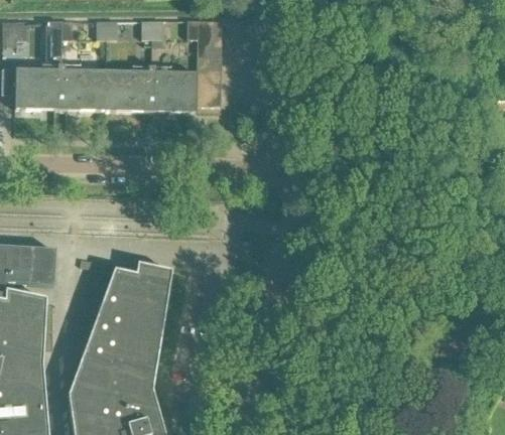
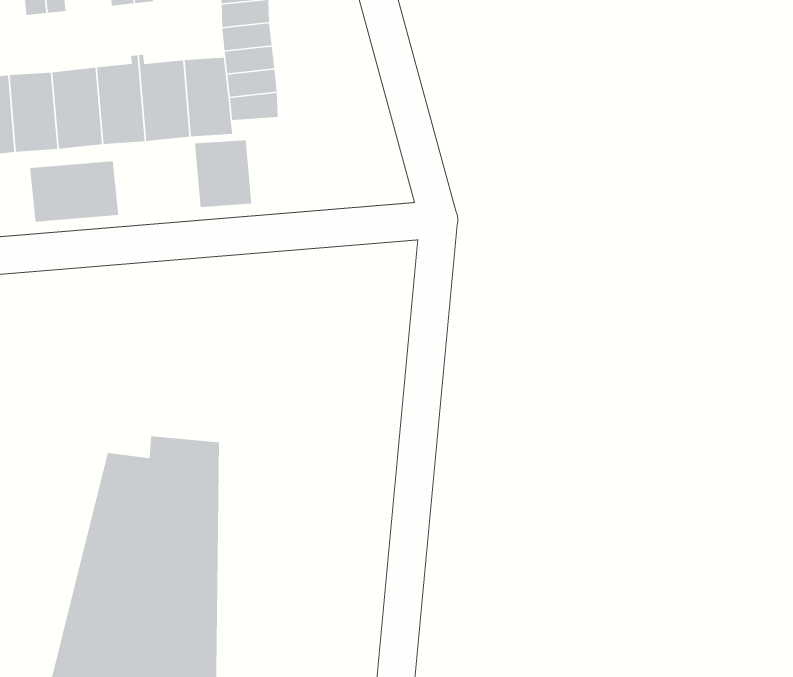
building: none -> [194,139,252,208]
building: none -> [29,160,119,223]

